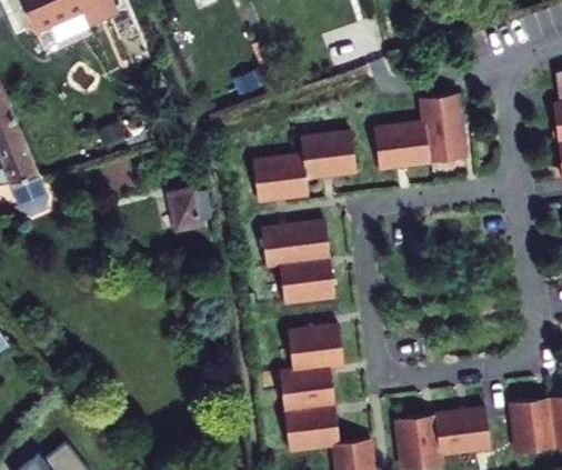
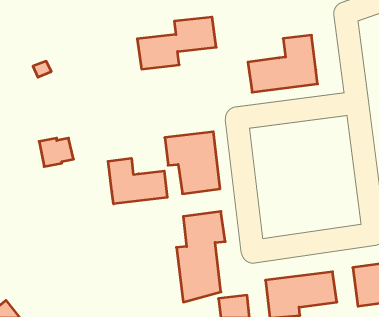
building: [252,130,357,199] -> [137,17,216,69]
building: [159,197,204,234] -> [39,138,74,167]
building: none -> [108,158,167,204]

